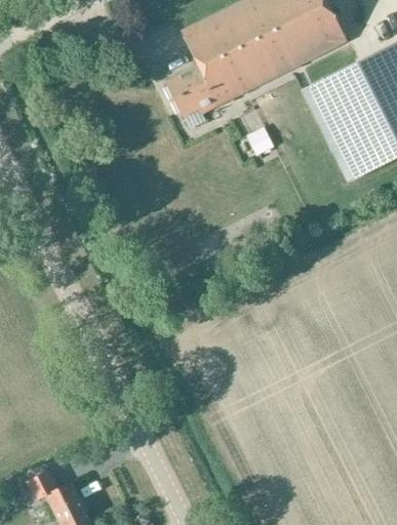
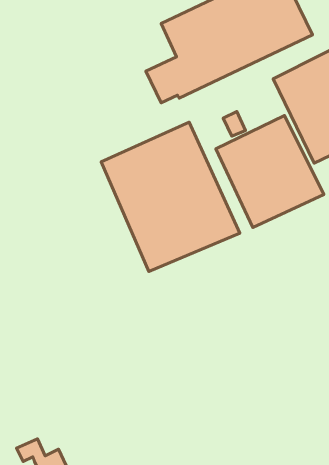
building: none -> [216,115,324,227]
building: none -> [101,122,240,271]

